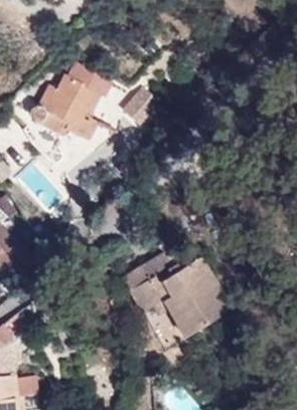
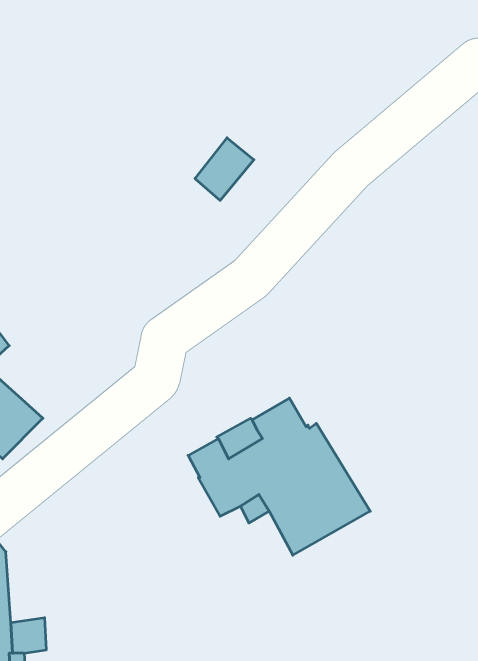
building: [31,63,114,141] -> none

